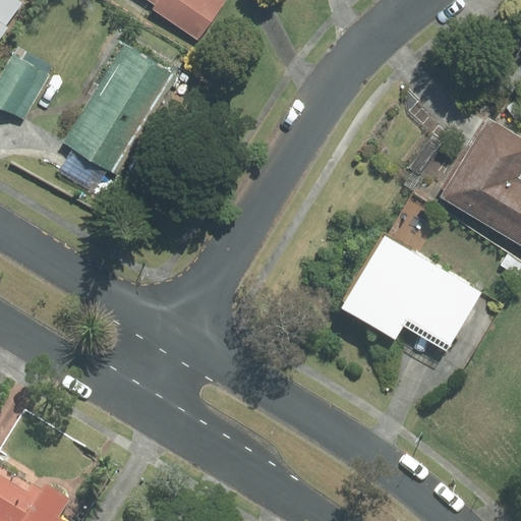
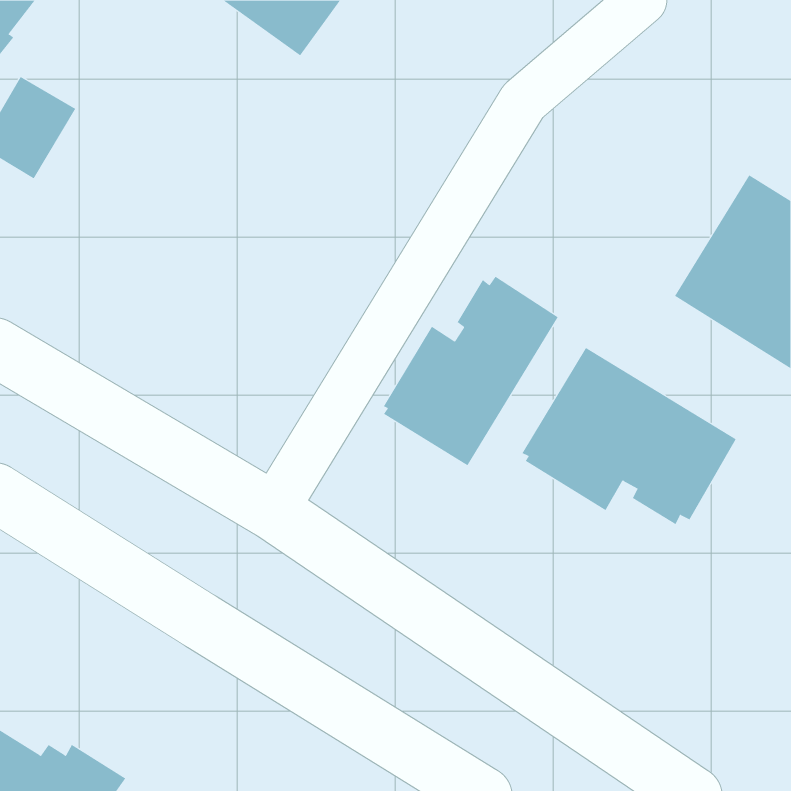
building: [62,43,178,176] -> none
building: none -> [383,276,558,466]

